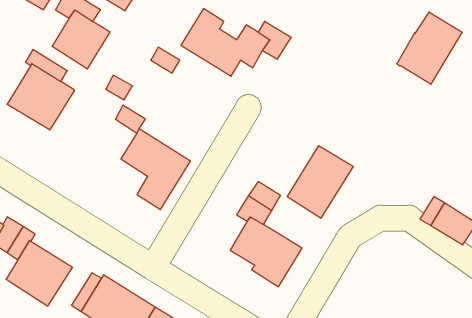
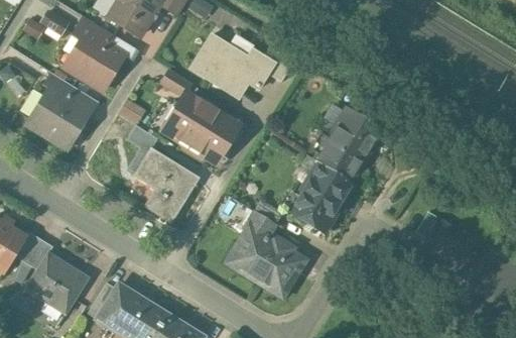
building: [397,12,462,84] -> [315,112,377,180]
building: none -> [167,94,236,158]

